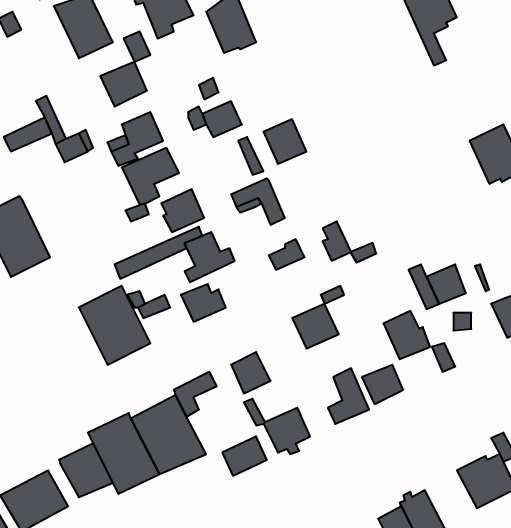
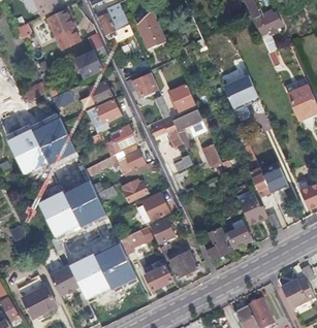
building: none -> [222,75,256,107]
building: none -> [172,108,200,147]
building: none -> [31,118,74,163]
building: none -> [36,190,80,238]
building: [292,304,339,349] -> [142,192,169,218]

